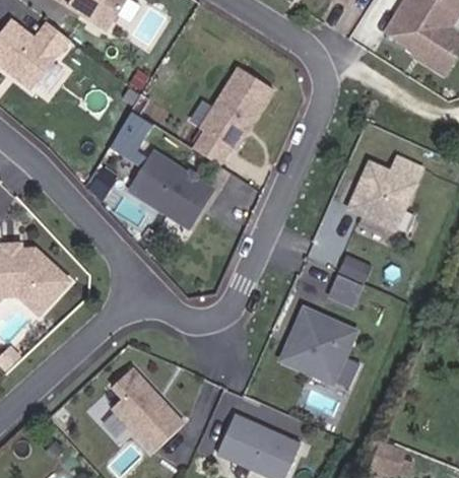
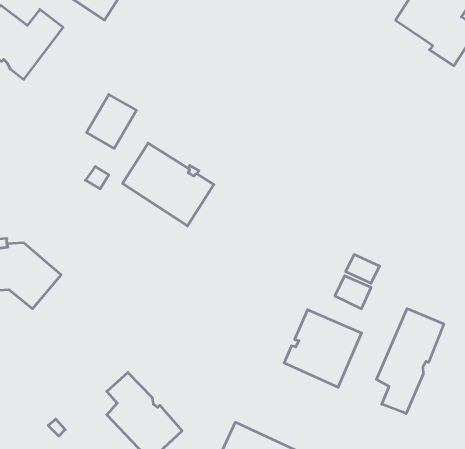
building: [189,66,276,164] -> none
building: [349,157,422,229] -> none
building: none -> [376,309,444,414]

